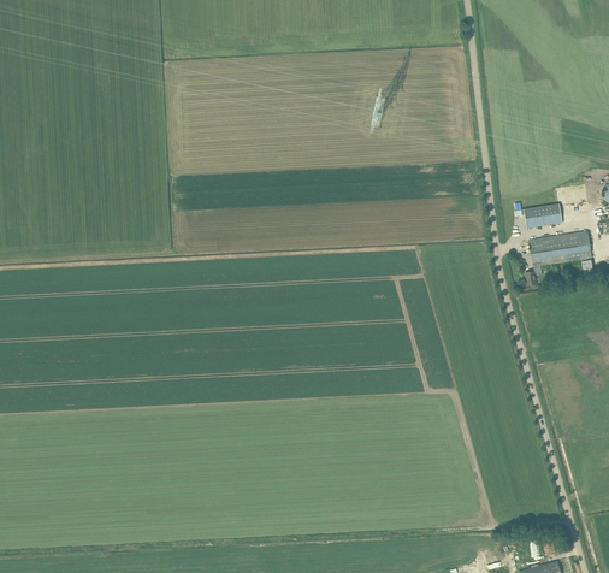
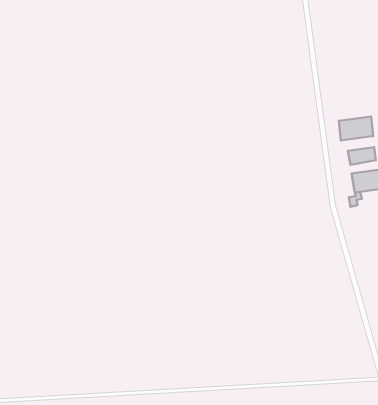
building: none -> [339,117,373,140]

